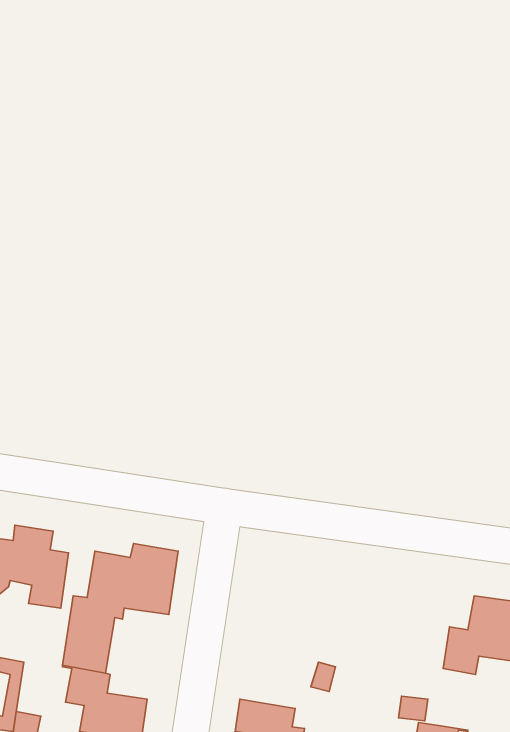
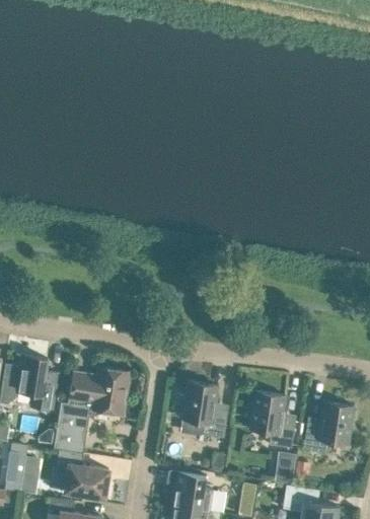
building: none -> [182,382,227,438]
building: none -> [249,392,295,449]

